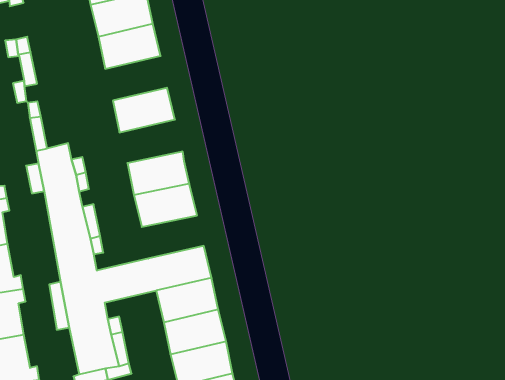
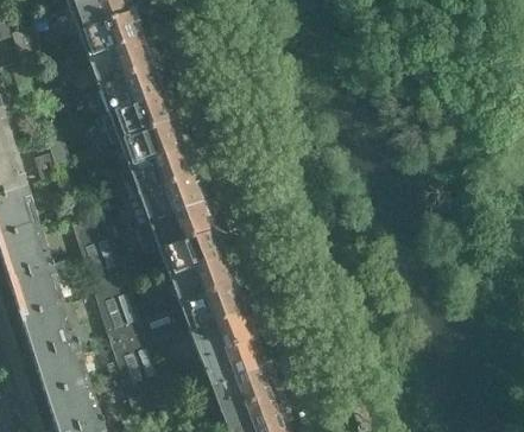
building: none -> [122,120,179,165]
building: none -> [143,174,201,218]
building: none -> [173,256,231,300]

